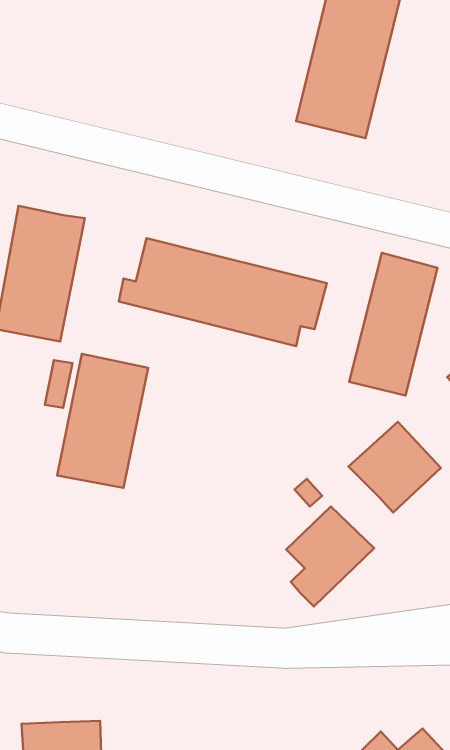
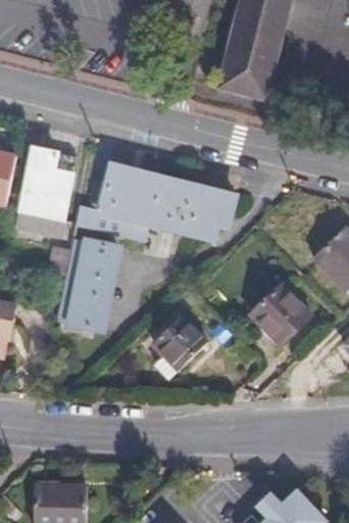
building: [349,253,437,396] -> none
building: none -> [79,203,150,243]
building: [286,506,374,607] -> [150,315,208,381]

